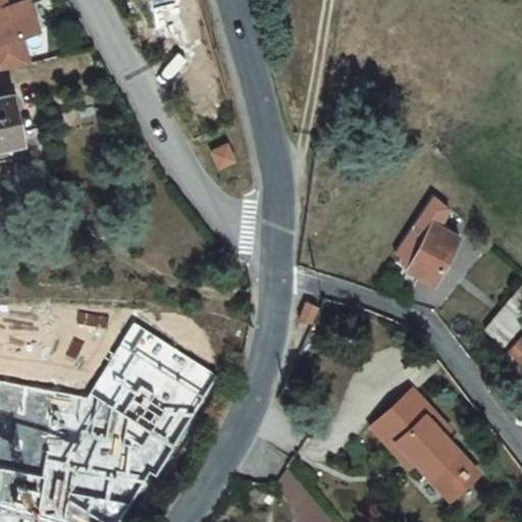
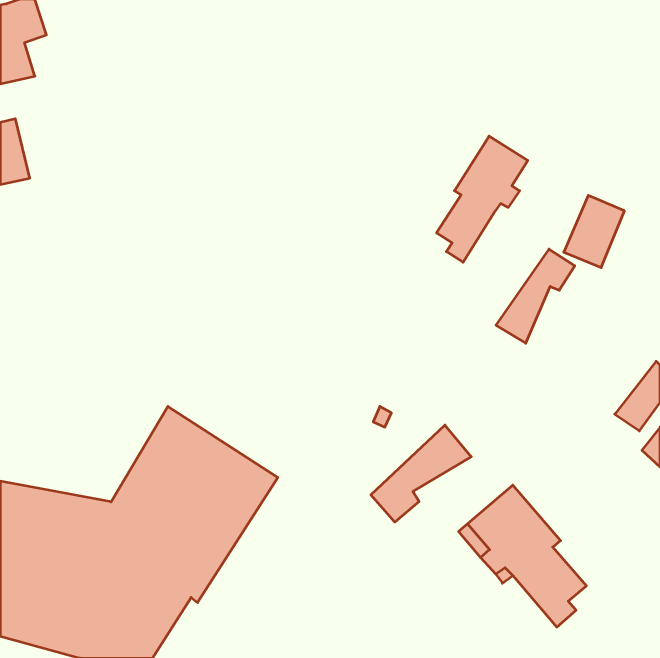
building: none -> [437,136,528,262]
building: [415,226,463,283] -> [564,195,624,268]
building: none -> [371,425,471,522]

